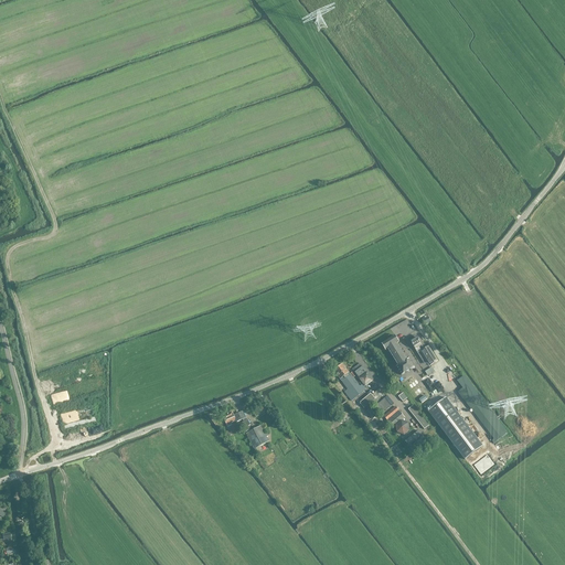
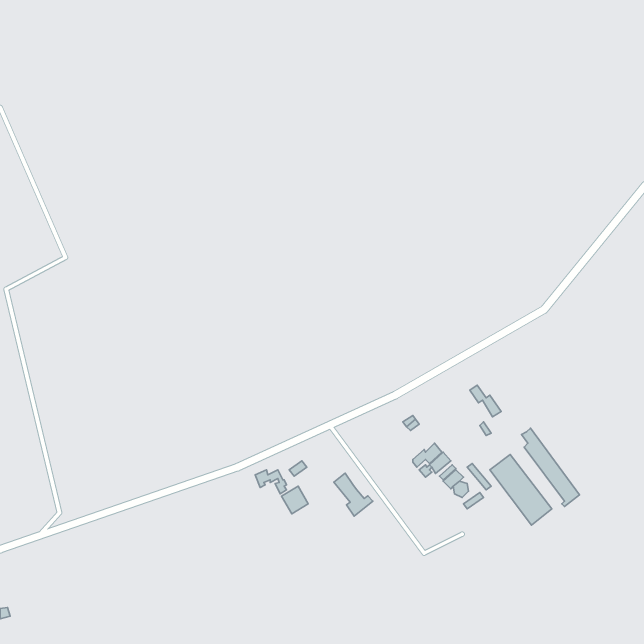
building: [383,334,416,373] -> none
building: [334,363,369,401] -> [334,473,373,516]

